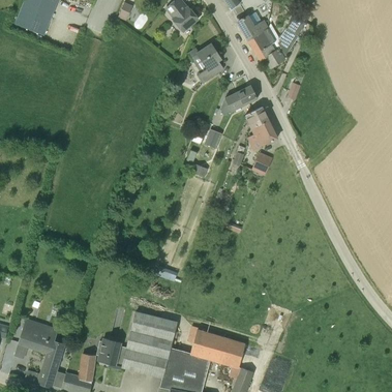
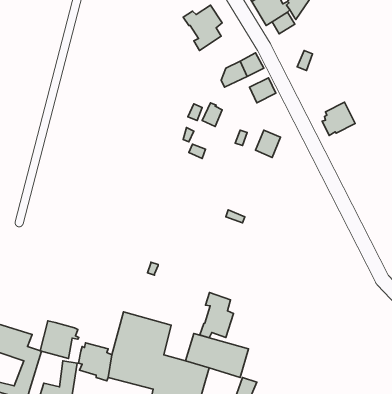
building: [248,120,277,149] -> [322,102,355,135]
building: none -> [200,293,234,338]
building: none -> [40,321,79,359]

